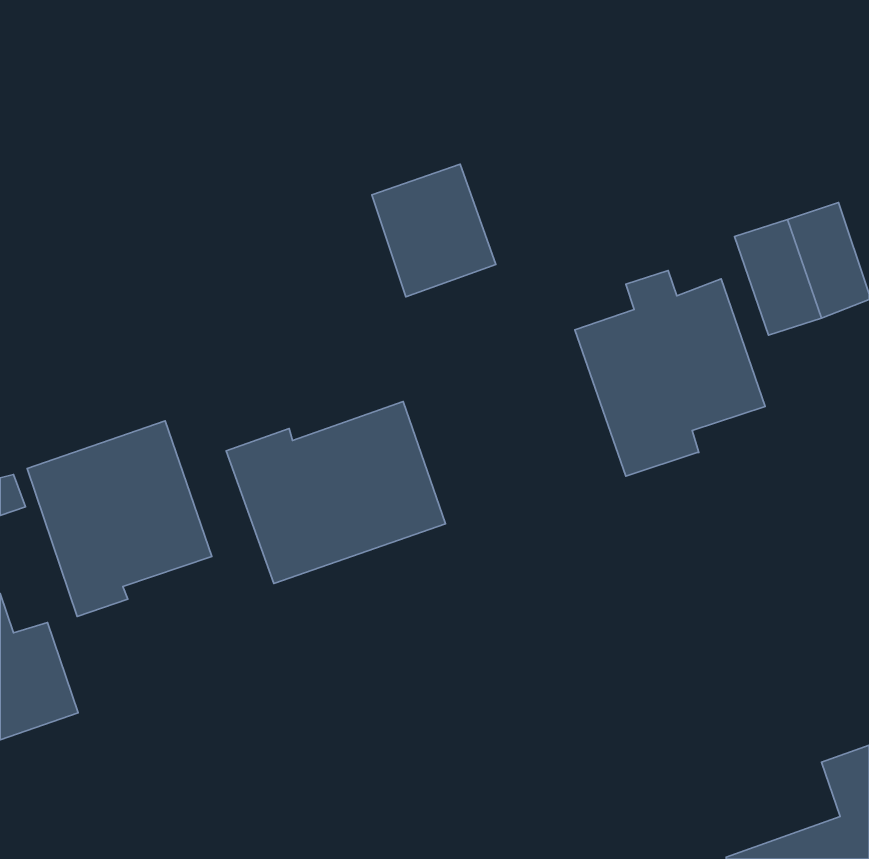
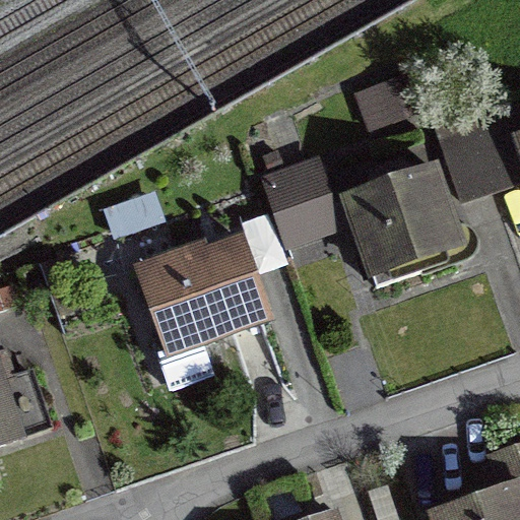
building: [372,164,496,297] -> [263,164,337,243]
building: [27,421,212,616] -> none

